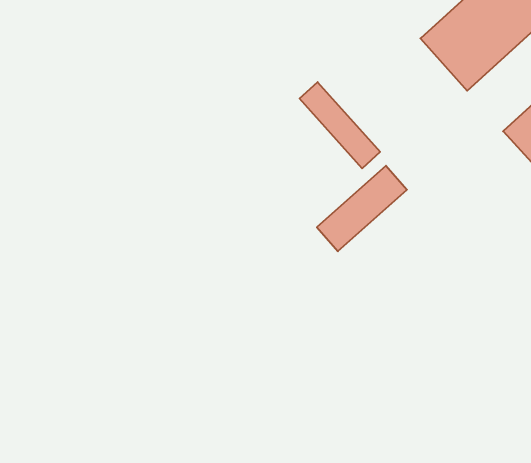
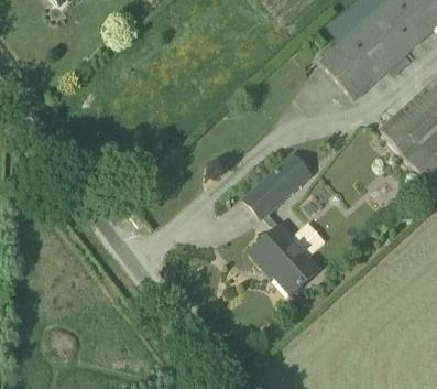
building: [300,82,380,168] -> none
building: none -> [248,225,318,294]

